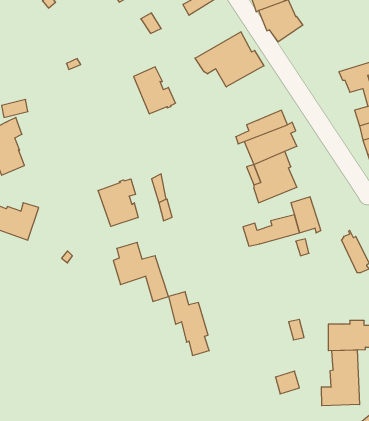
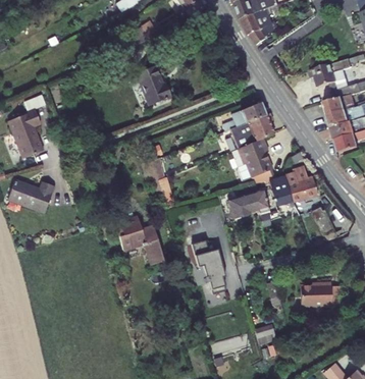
building: [195,32,264,87] -> none
building: [98,179,138,226] -> none
building: none -> [284,166,316,201]
building: [168,292,209,355] -> [192,238,226,292]
building: [322,350,360,406] -> none

